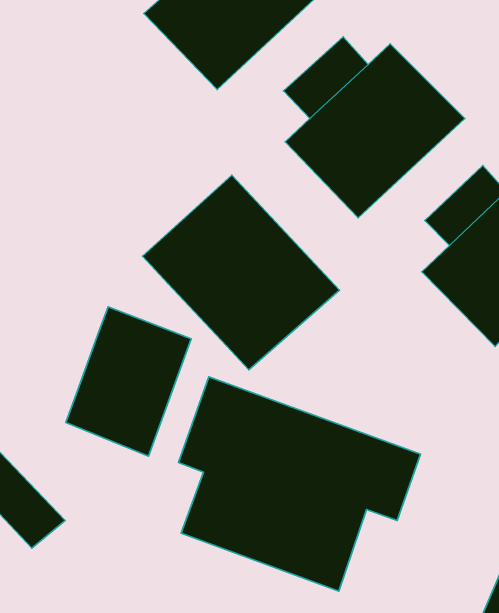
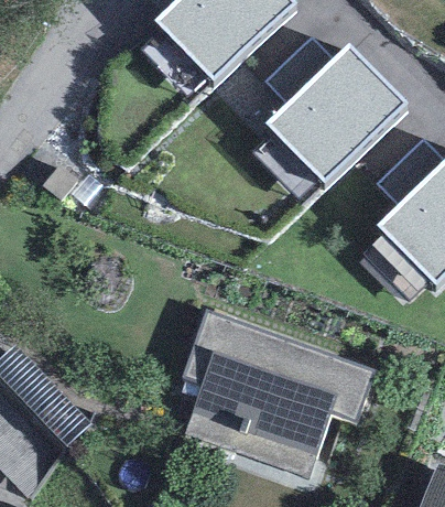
building: [143,175,340,370] -> none
building: [66,307,191,456] -> none

